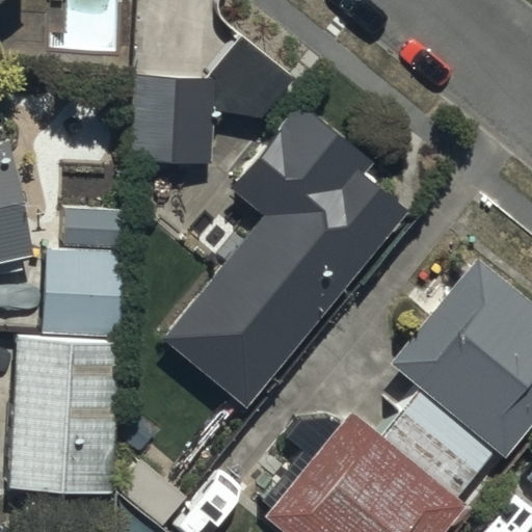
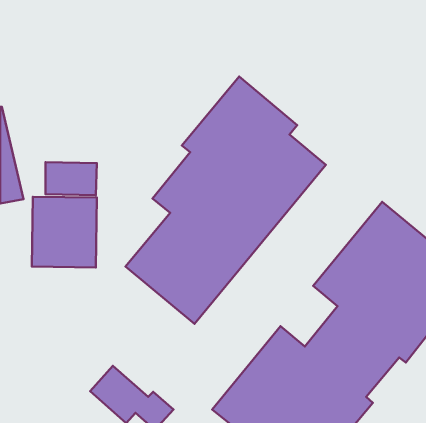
building: [130,37,293,167] -> none
building: [9,342,121,493] -> none

